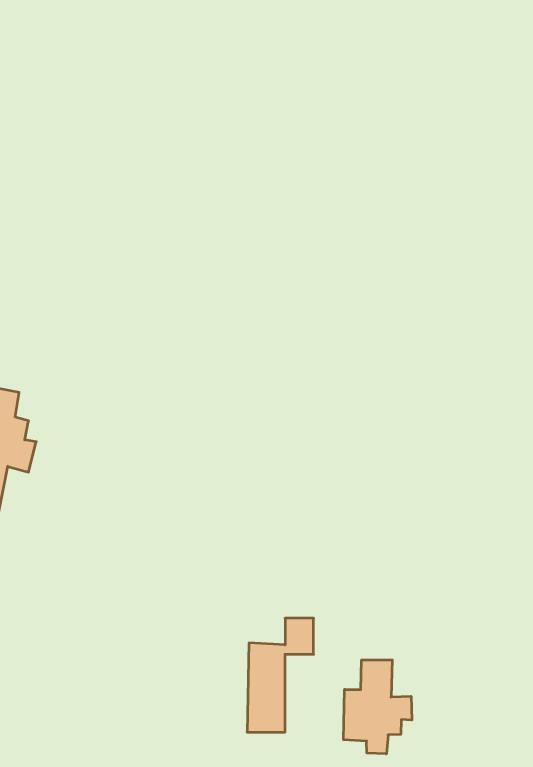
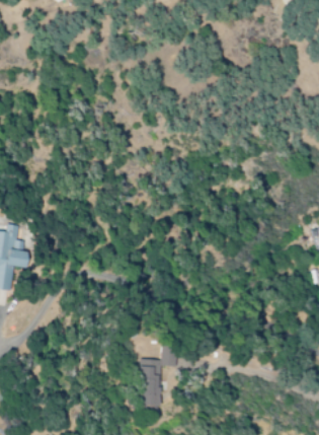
building: [344,660,412,754] -> none

